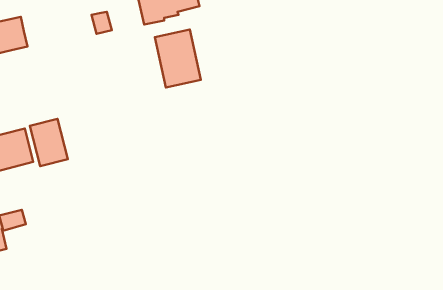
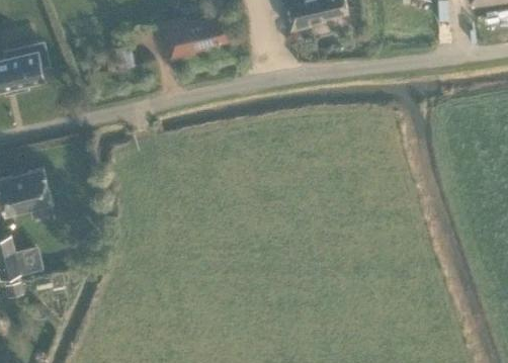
building: [155,30,201,87] -> none
building: [30,119,68,166] -> none

